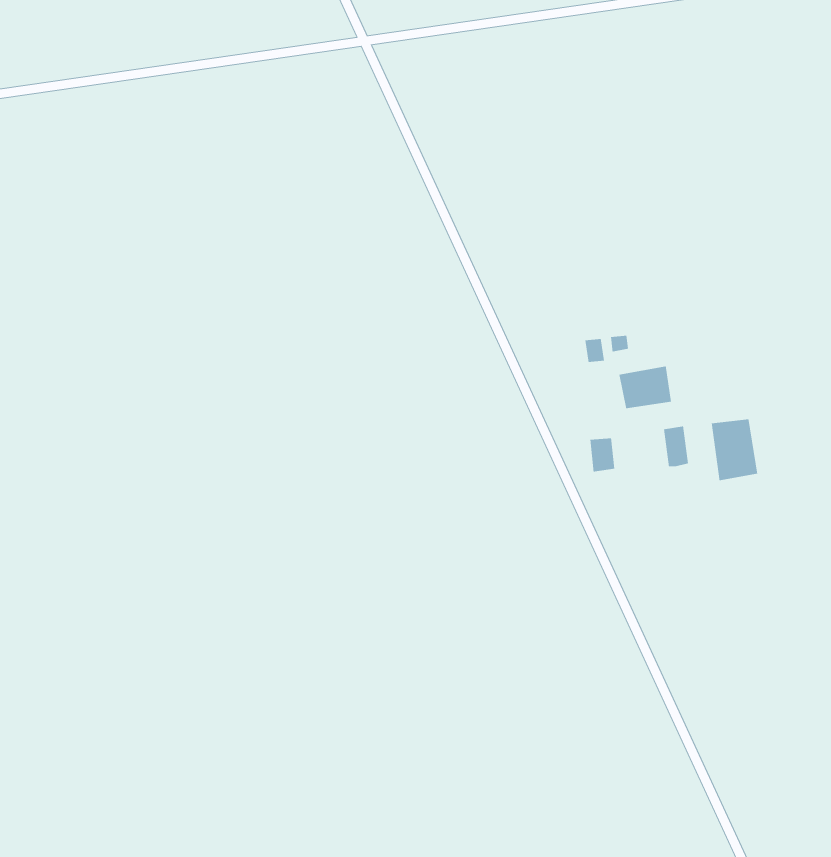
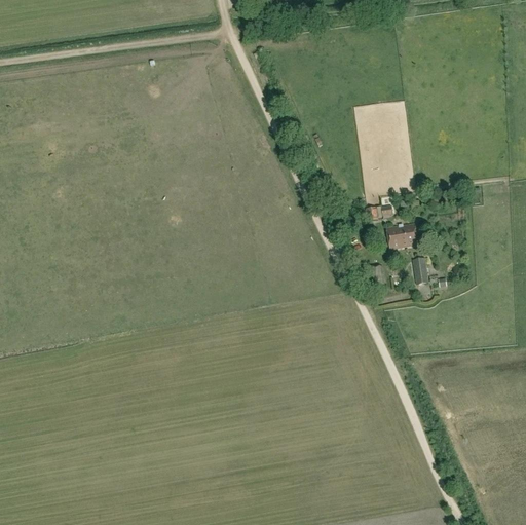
building: [711,419,758,481] -> none

